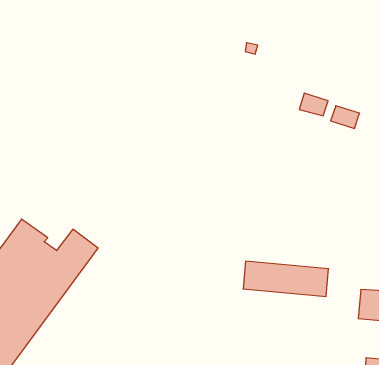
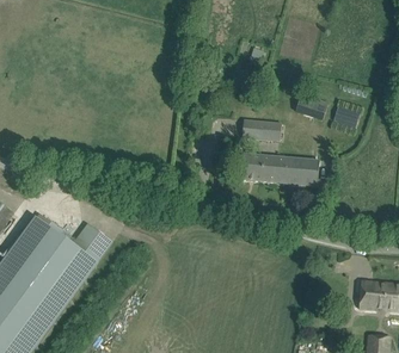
building: none -> [240,118,280,140]
building: [243,261,329,296] -> [237,153,318,186]

